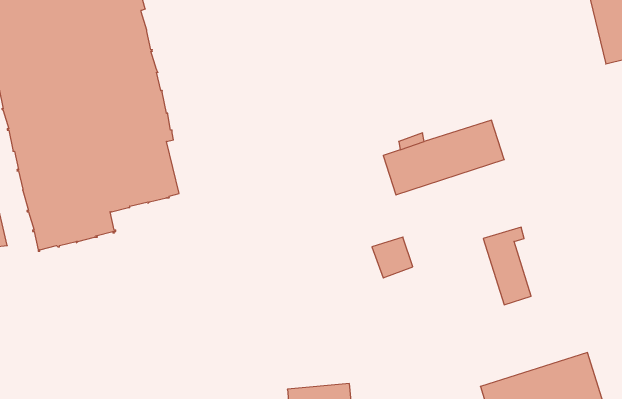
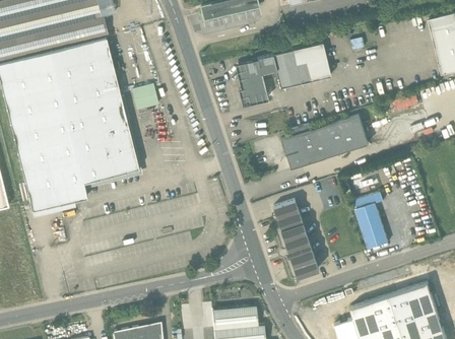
building: none -> [238,44,331,107]
building: none -> [280,221,318,277]

